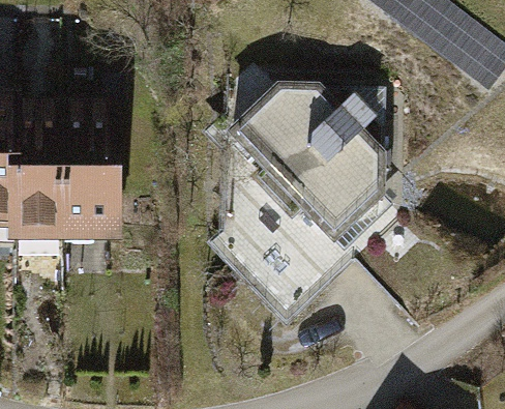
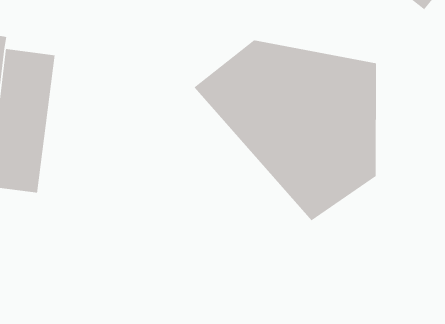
building: [57,107,123,246] -> none

